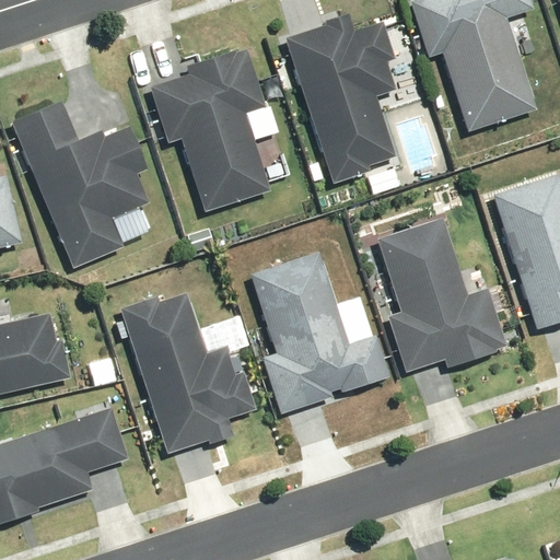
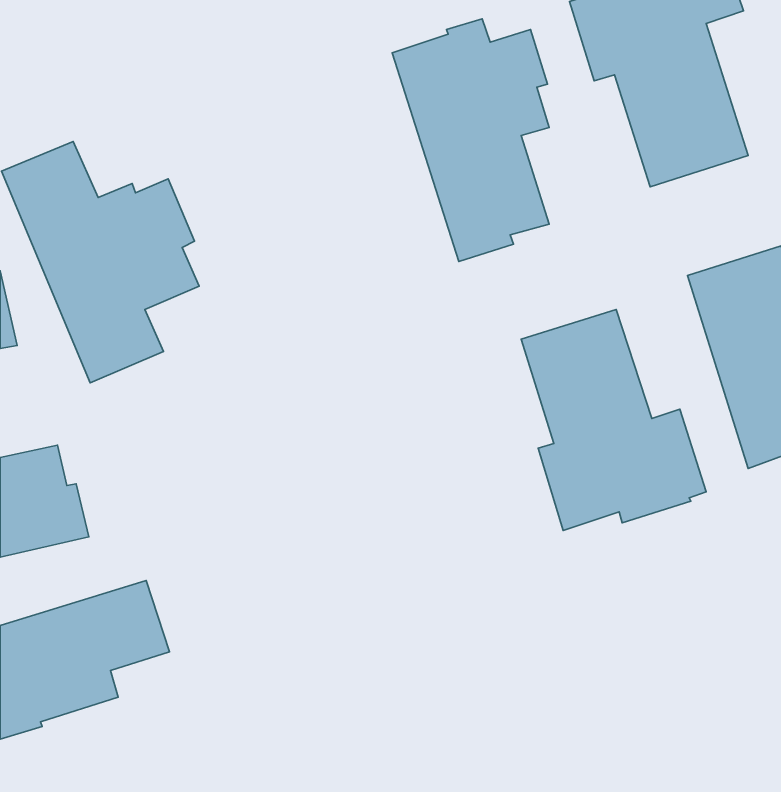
building: [150,48,270,212] -> none
building: [249,252,390,415] -> none
building: [119,292,256,454] -> none

